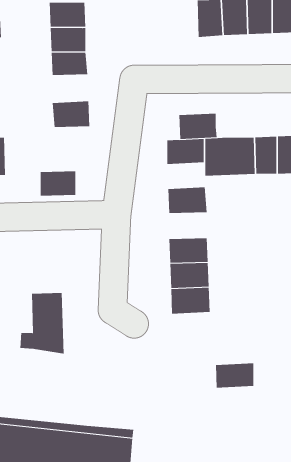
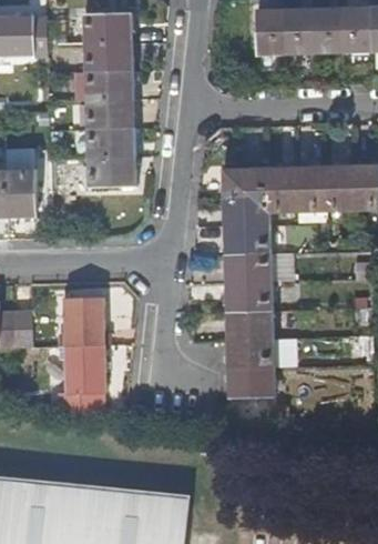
building: none -> [92,97,134,129]
building: [178,113,218,139] -> [222,197,266,226]
building: [40,171,76,196] -> [94,155,135,184]
building: none -> [224,253,268,283]
building: none -> [68,298,104,345]
building: [215,363,254,388] -> [227,366,272,395]

